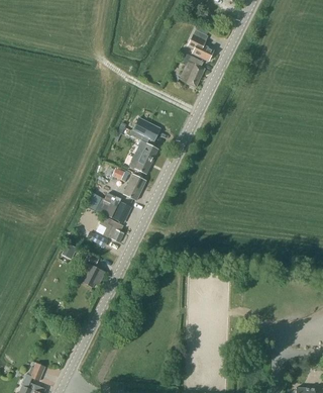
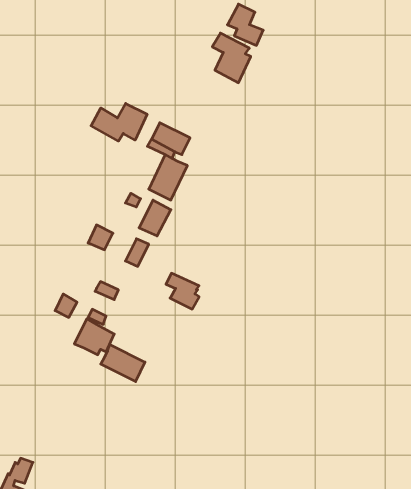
building: none -> [91,103,147,141]
building: [100,216,124,242] -> [166,273,199,309]
building: none -> [101,345,145,382]

